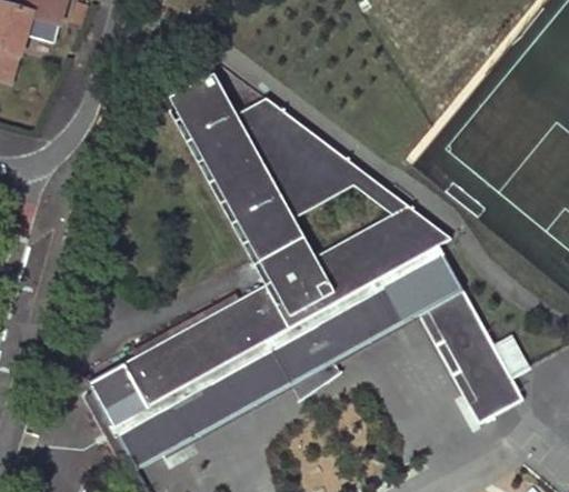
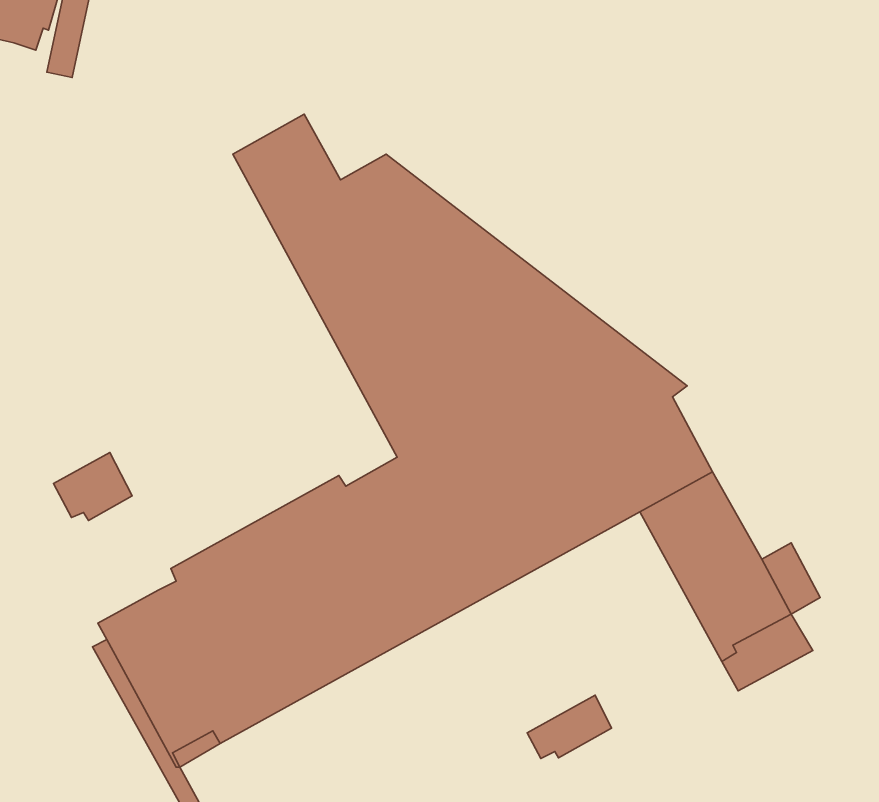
building: none -> [53,452,132,521]
building: none -> [527,695,611,758]

